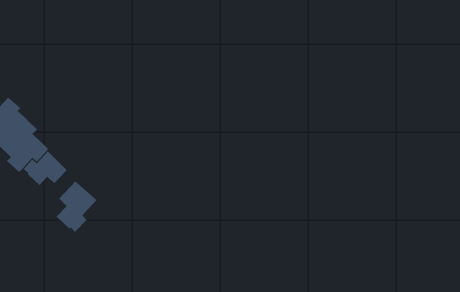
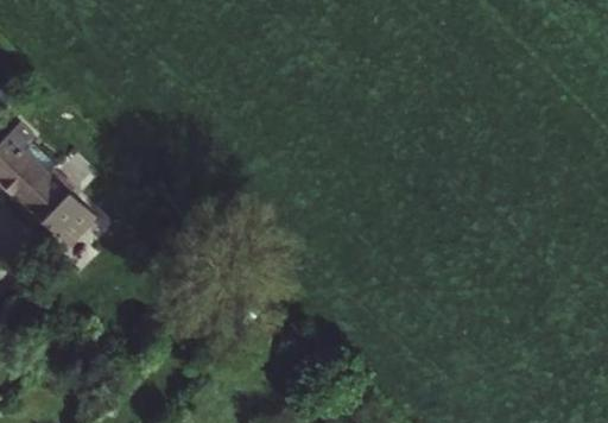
building: [56,181,98,233] -> none

